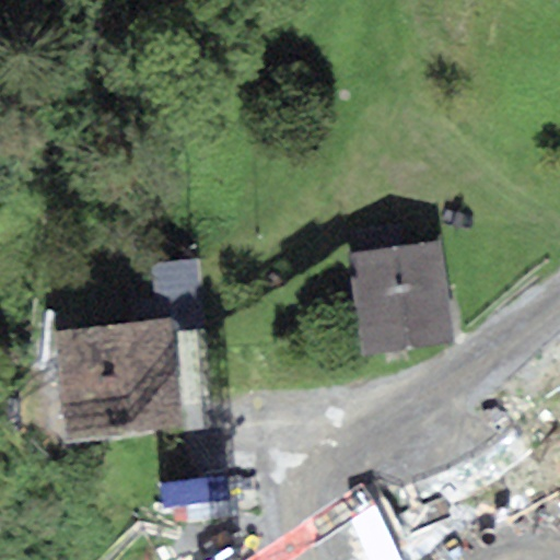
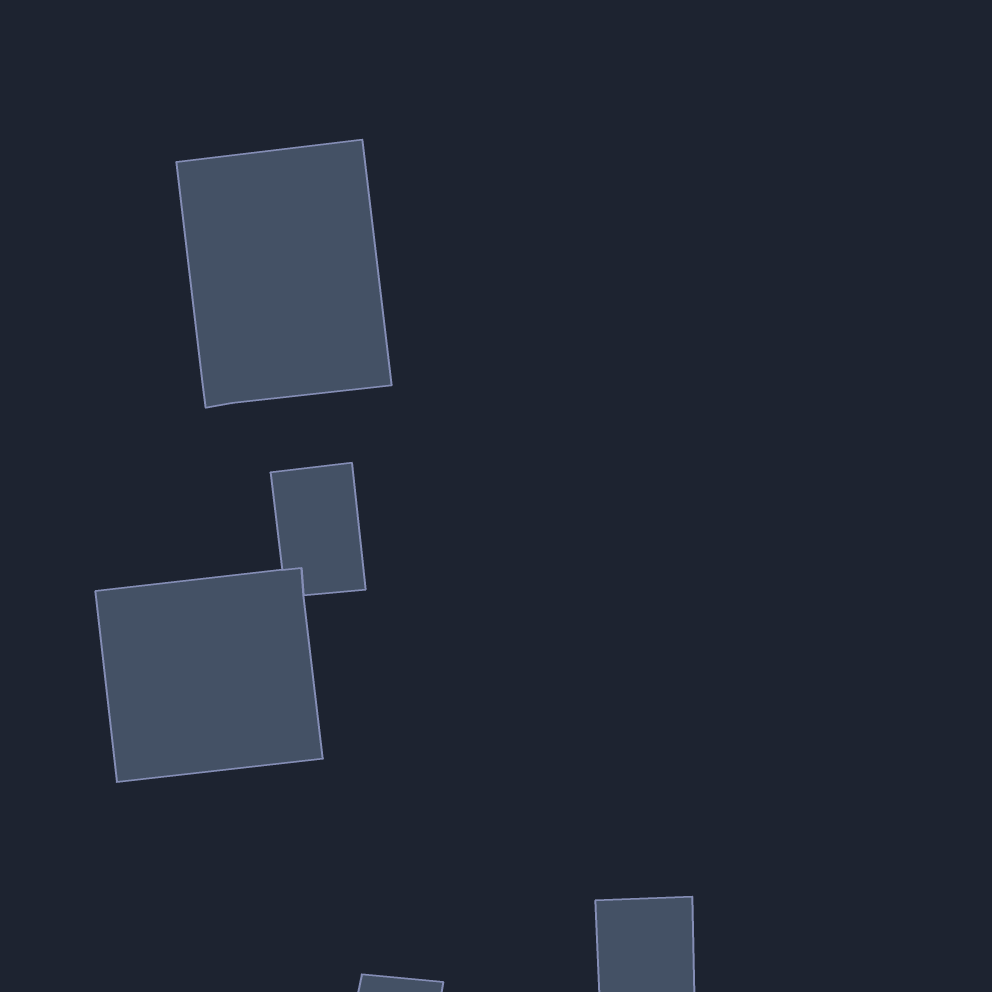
building: none -> [176,140,391,408]
building: [349,242,454,353] -> none

